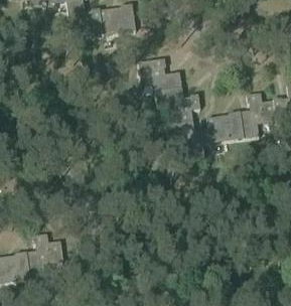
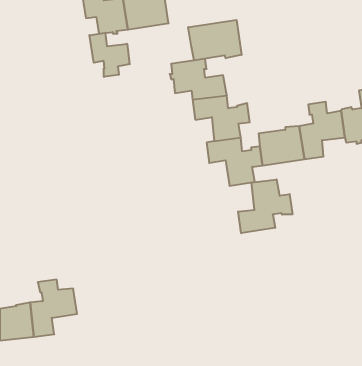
building: none -> [188,20,242,60]
building: none -> [89,33,130,77]
building: none -> [238,179,292,233]

